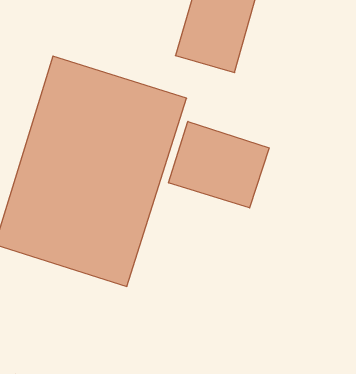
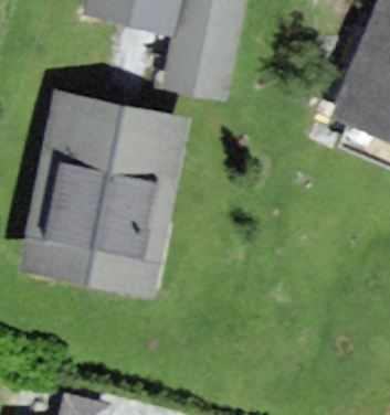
building: [169,121,269,208] -> none

